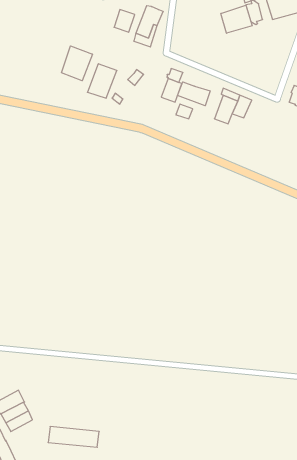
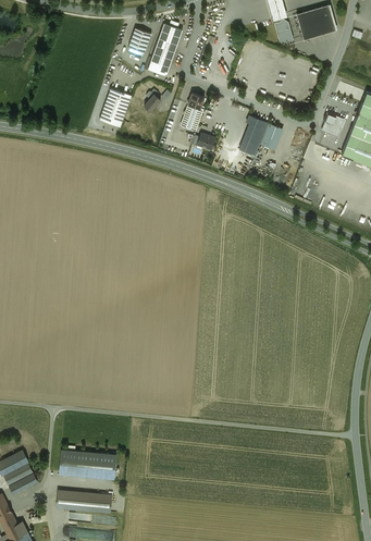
building: [221,5,252,33] -> none
building: [61,46,92,81] -> none
building: [177,82,210,106] -> none
building: none -> [59,448,116,479]

